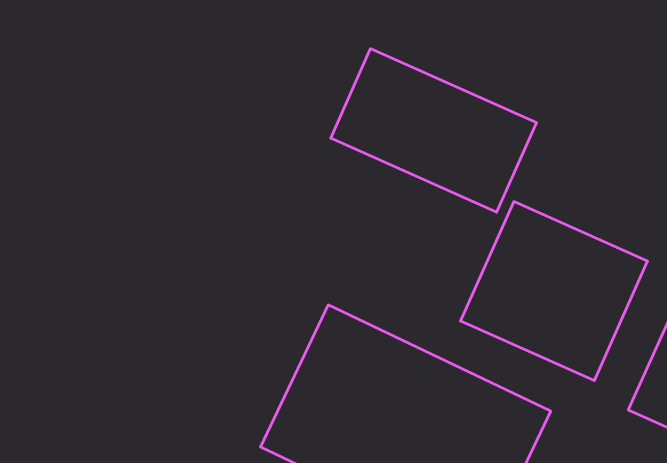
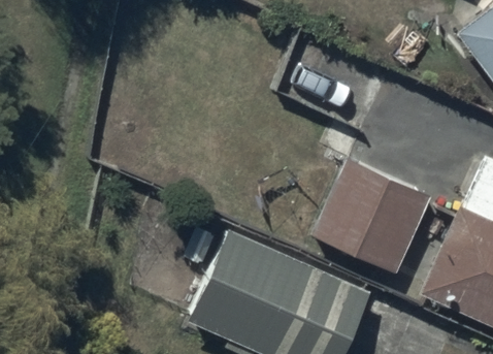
building: [331,49,537,212] -> none

